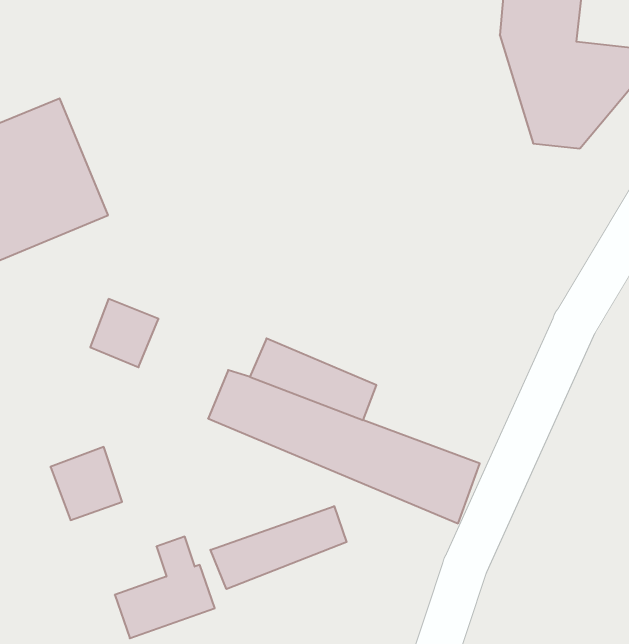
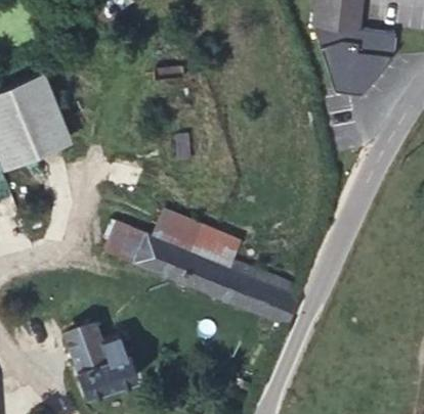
building: [90,299,159,367] -> [102,220,144,262]
building: [50,447,122,520] -> [62,325,107,370]
building: [210,506,347,589] -> none

